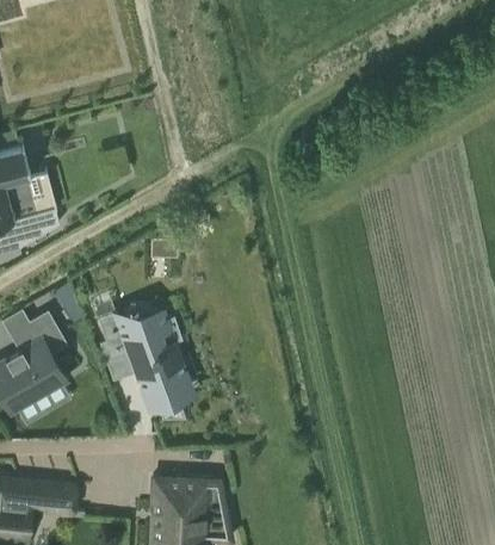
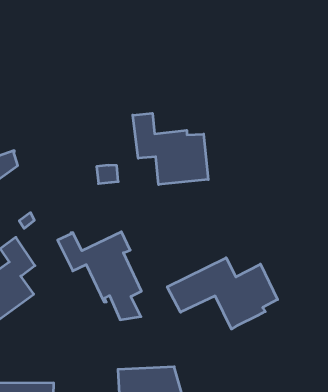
building: none -> [133,113,208,185]
building: none -> [167,258,278,329]

